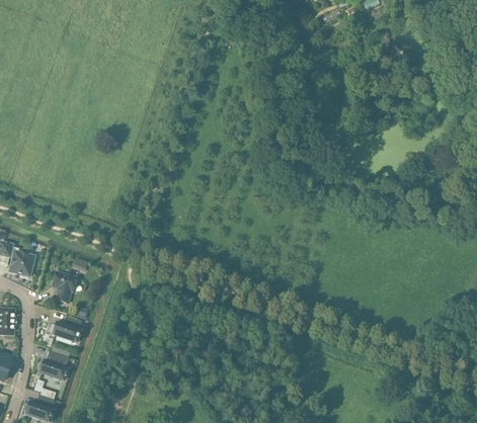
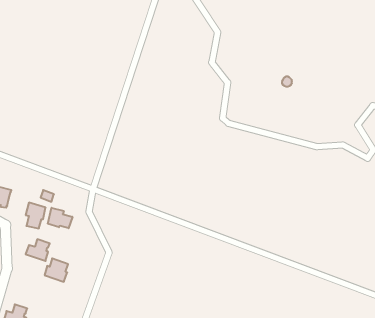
building: none -> [48,208,72,228]
building: [38,351,67,379] -> [45,258,68,282]

